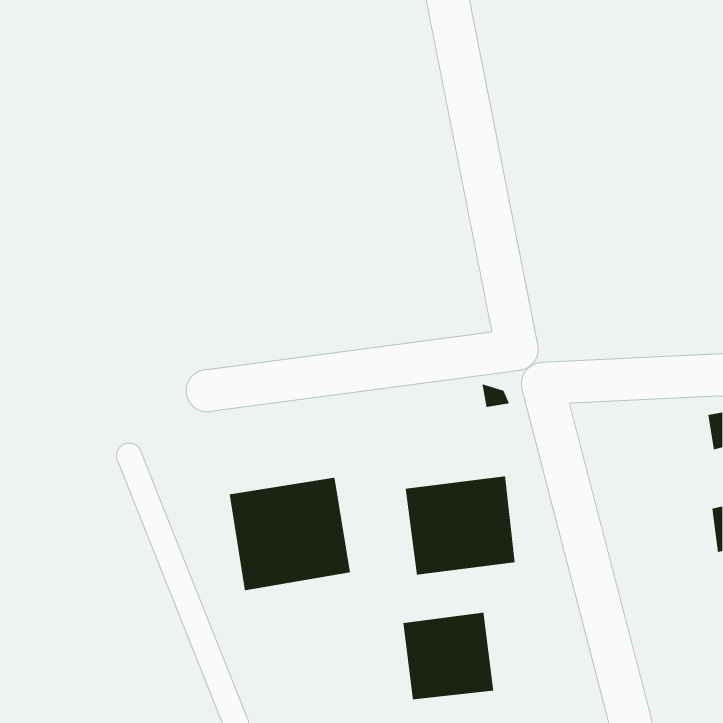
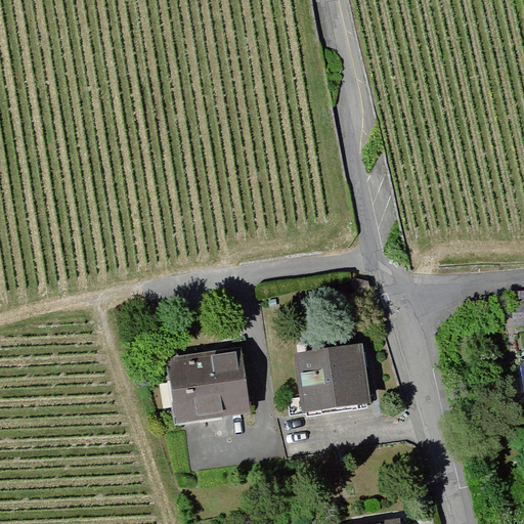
building: [403,612,494,700] -> none

